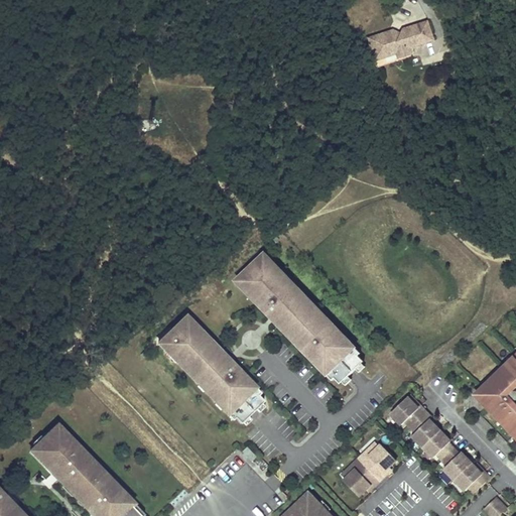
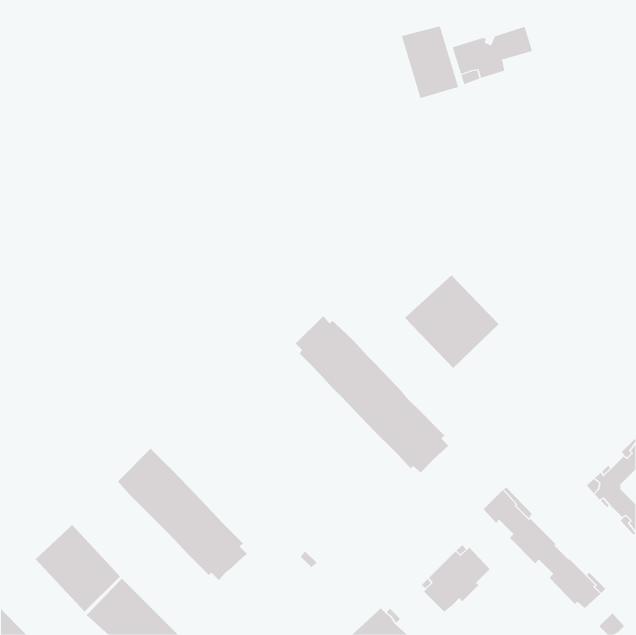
building: none -> [401,26,459,99]
building: none -> [404,275,500,369]
building: [158,315,264,423] -> [117,448,248,581]

